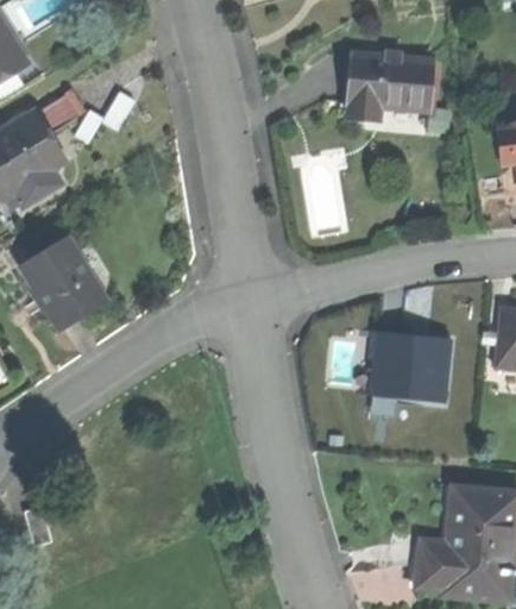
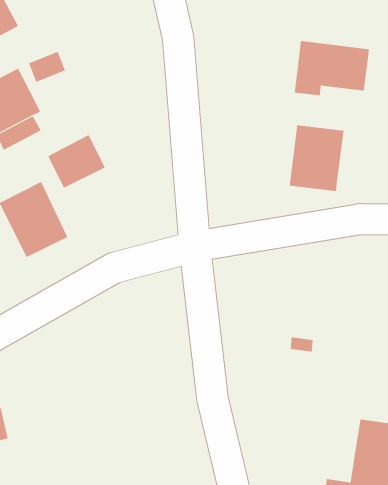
building: none -> [289,125,344,192]
building: none -> [47,134,106,188]
building: [375,332,454,398] -> none

